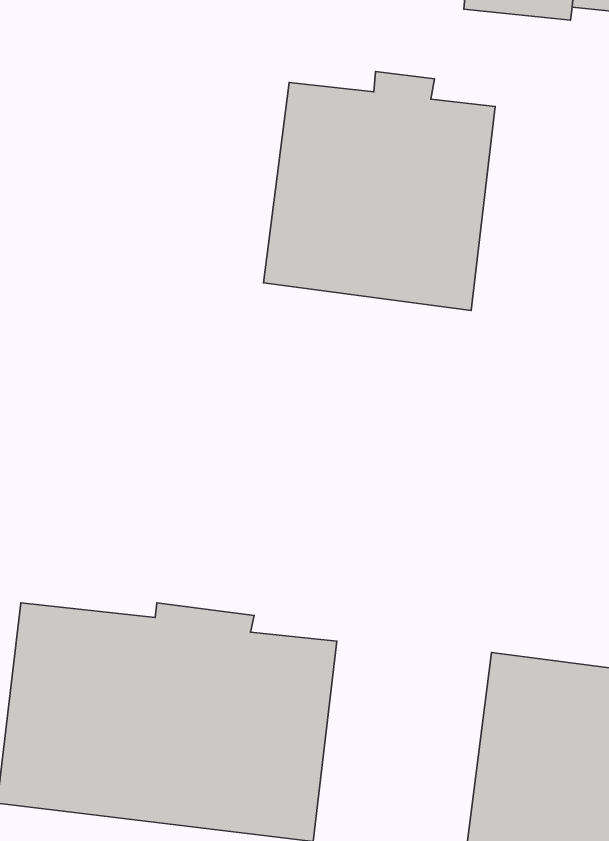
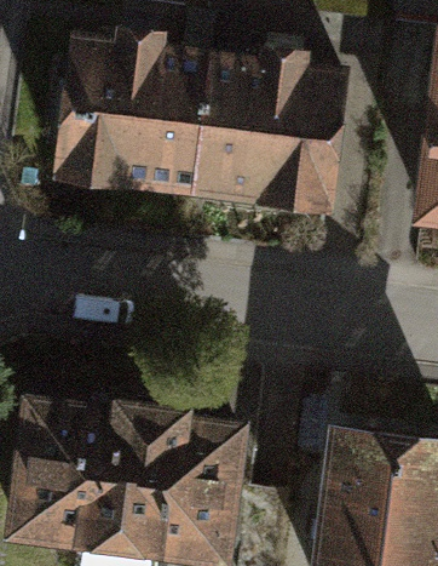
building: none -> [60,32,204,191]

